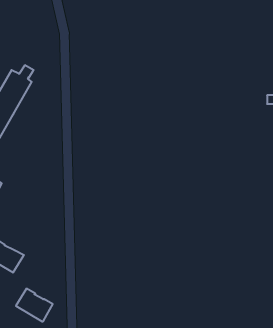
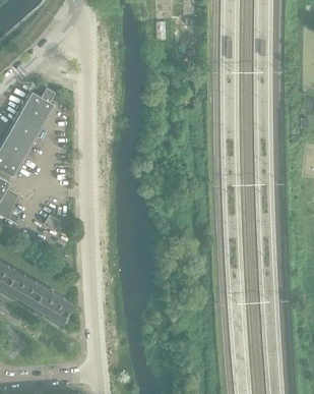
building: [16,289,53,321] -> [32,287,70,322]

